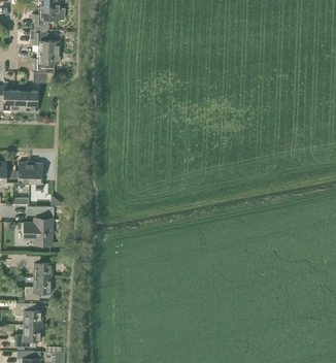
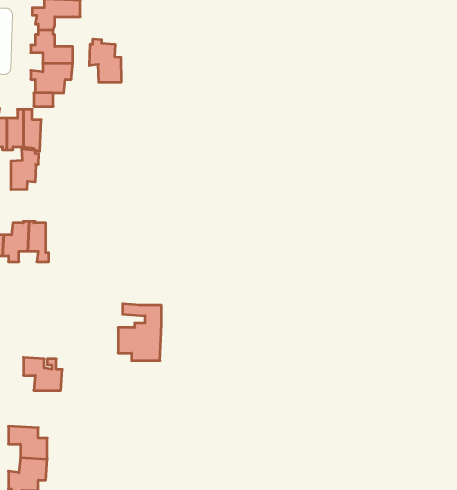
building: none -> [89,39,121,82]
building: none -> [11,149,38,190]
building: [24,205,54,244] -> [118,304,161,361]
building: [25,277,52,299] -> none

